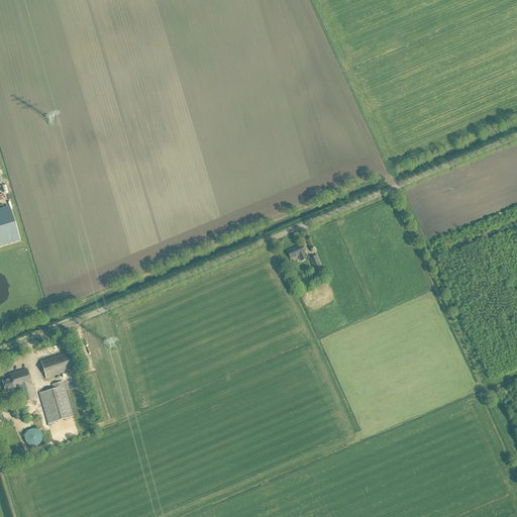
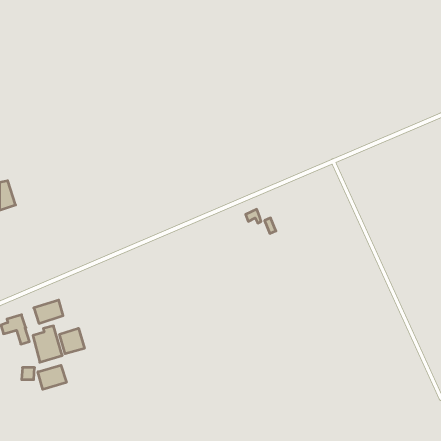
building: none -> [60,328,84,354]
building: none -> [38,365,66,389]

